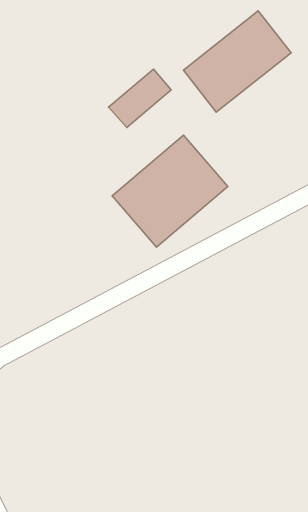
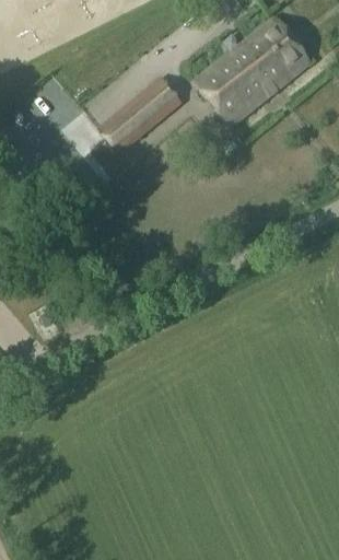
building: [112,135,228,247] -> none

